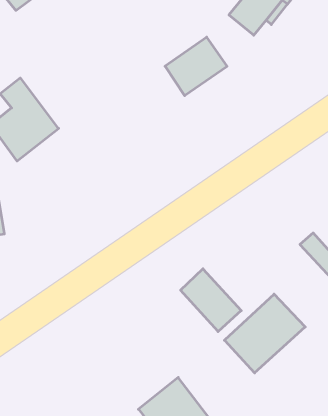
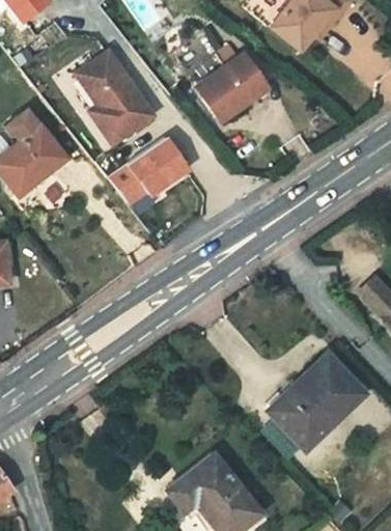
building: none -> [76,52,151,143]
building: none -> [111,139,190,205]
building: [181,269,241,332] -> none

